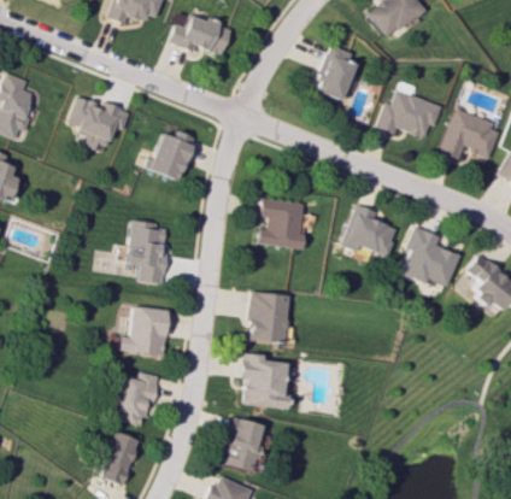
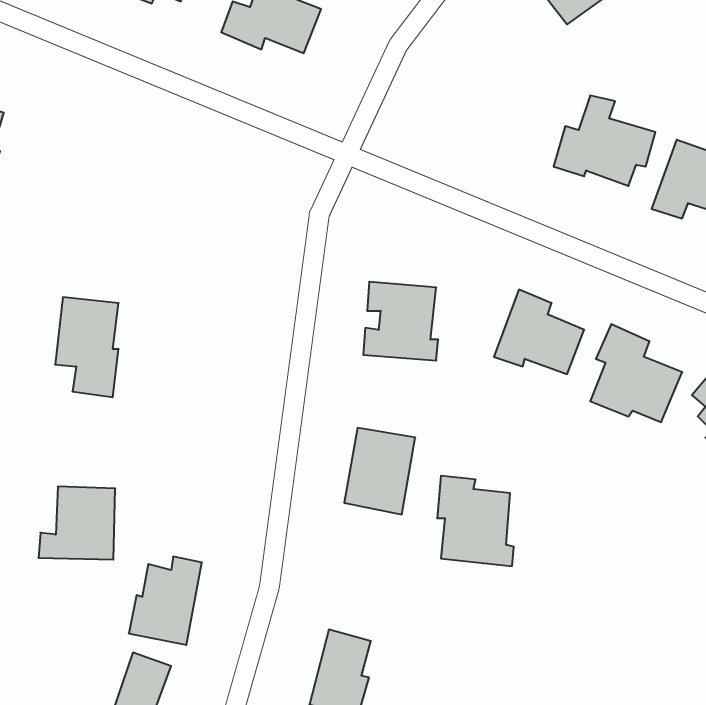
building: [315,46,358,100] -> none
building: [69,96,130,149] -> none
building: [149,130,195,181] -> none
building: [127,222,166,284] -> [55,297,119,397]
building: [119,307,168,353] -> [38,487,115,560]
building: [241,352,289,409] -> [437,476,514,566]

